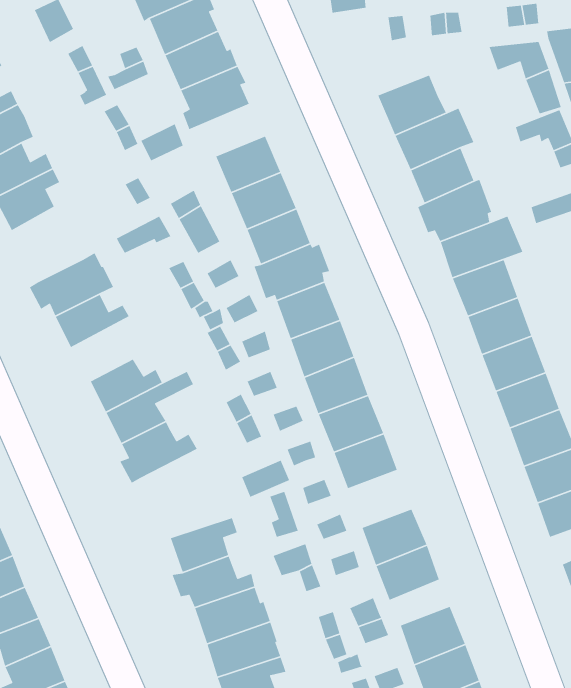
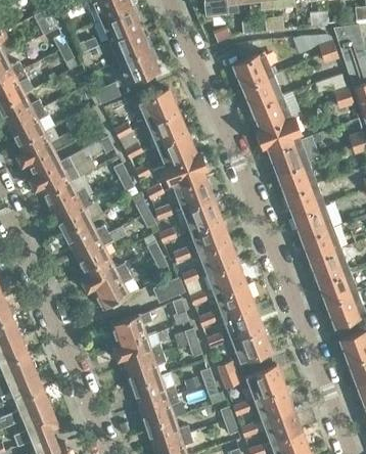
building: none -> [17,128,72,171]
building: none -> [54,196,93,234]
building: none -> [95,274,132,310]
building: none -> [217,286,255,320]

